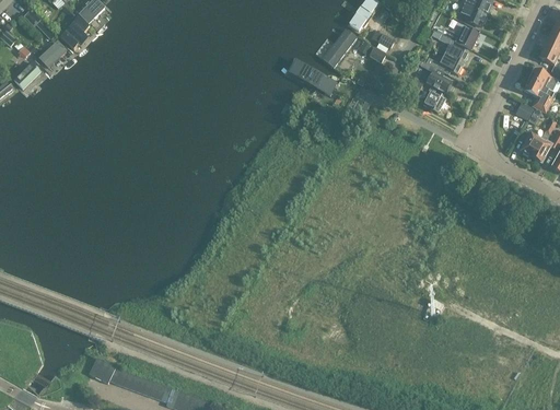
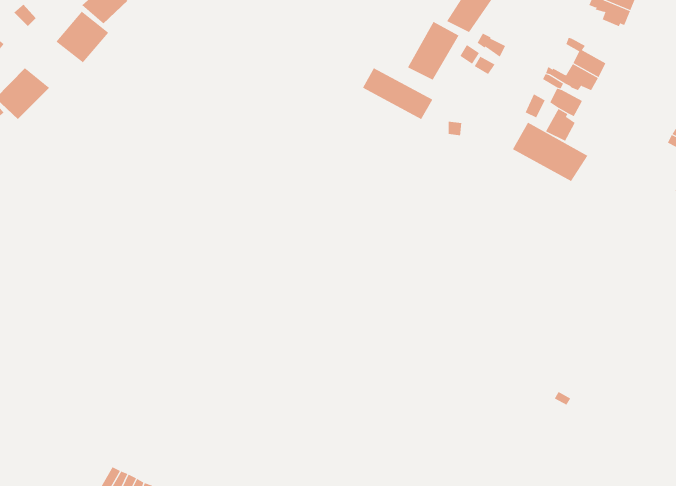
building: [440,25,478,49] -> none
building: [34,37,72,72] -> none
building: none -> [512,122,588,182]

